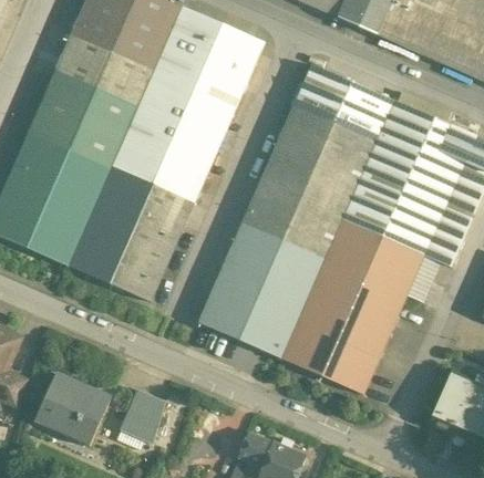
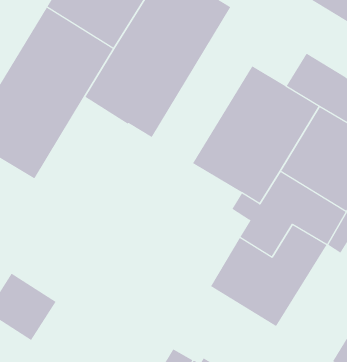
building: [296,62,354,121] -> none
building: [70,164,195,299] -> none
building: [199,221,317,356] -> none
building: [122,388,166,443] -> none

